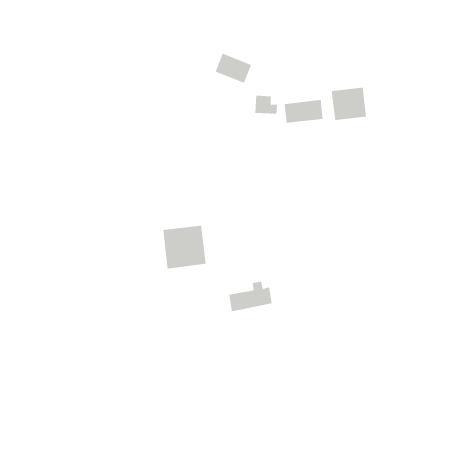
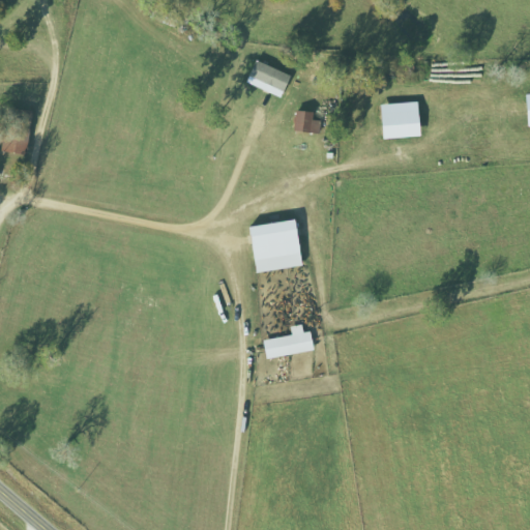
building: [284,99,323,124] -> none
building: [162,225,206,269] -> [252,219,302,270]

